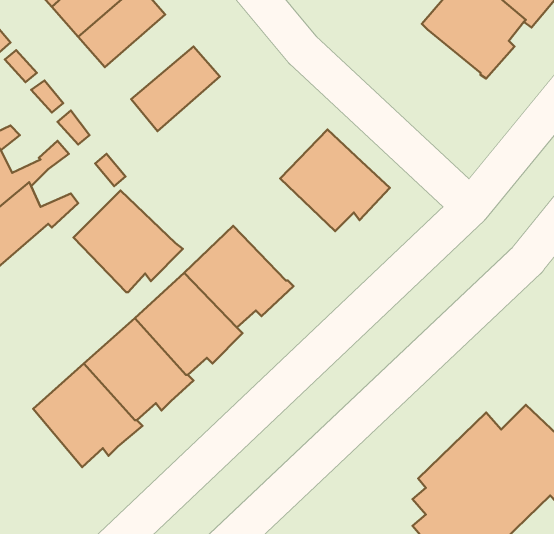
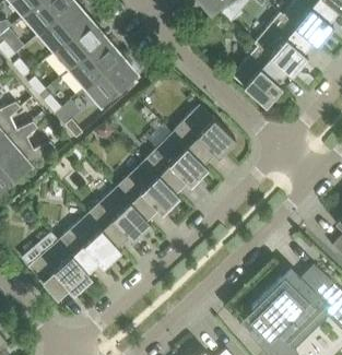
building: none -> [71,38,122,87]
building: none -> [233,47,288,106]
building: [73,190,183,292] -> [145,133,209,192]

